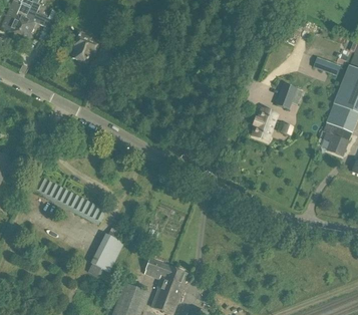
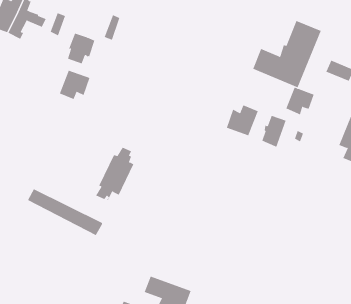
building: none -> [253,20,321,88]
building: none -> [59,70,90,100]
building: none -> [226,105,258,136]
building: [87,226,123,276] -> [95,147,134,201]

